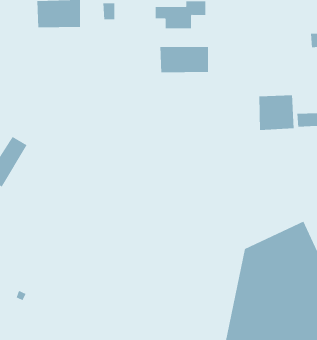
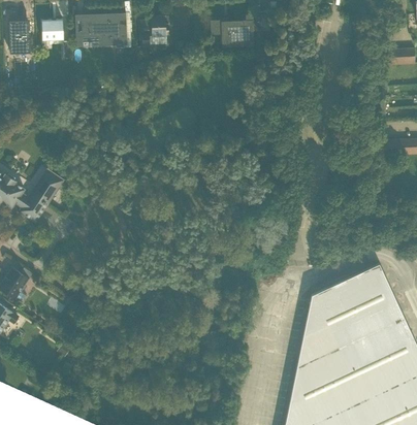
building: none -> [40,17,62,38]
building: [160,46,209,73] -> none
building: [259,95,294,131] -> none

